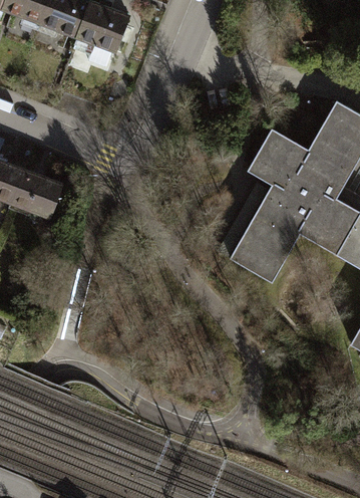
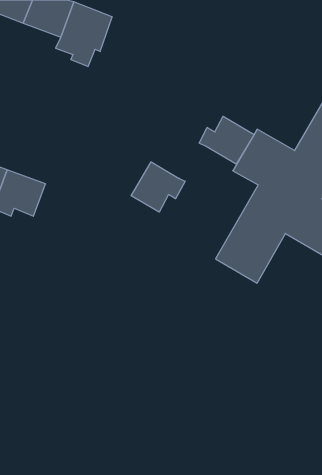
building: none -> [199,116,254,164]
building: none -> [131,162,185,212]

